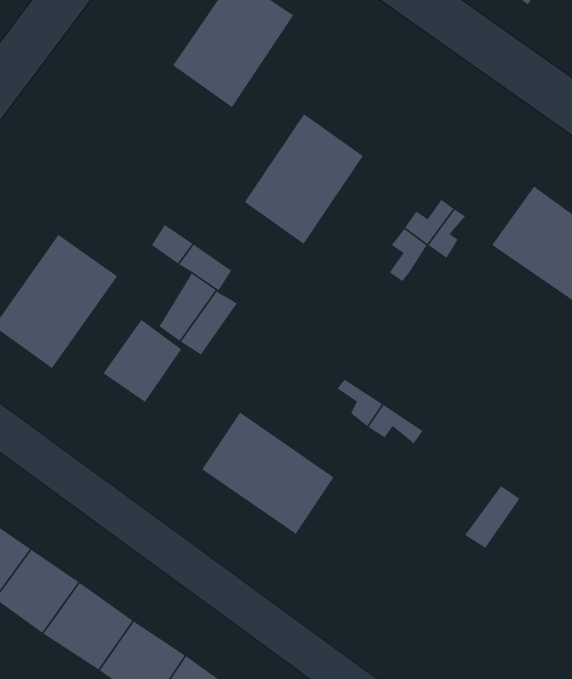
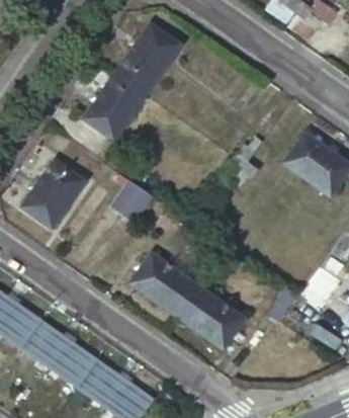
building: [244,113,364,245] -> [85,71,148,140]
building: [102,319,182,403] -> none
building: none -> [181,286,248,349]

